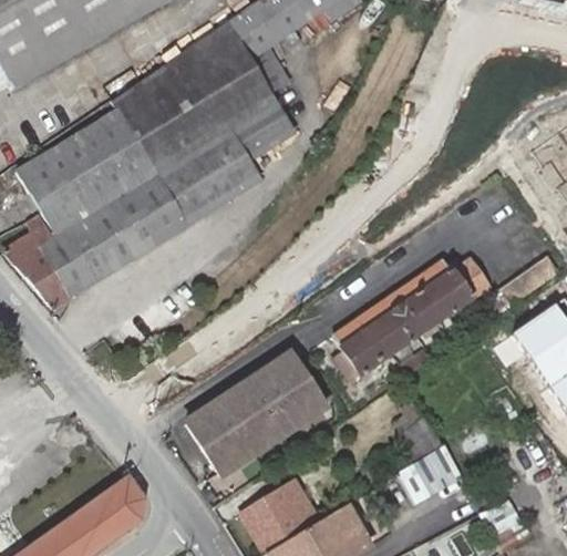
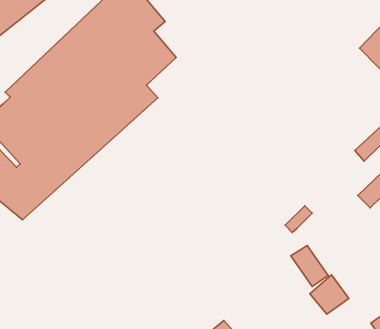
building: [336,259,488,370] -> none
building: [188,353,327,475] -> none

